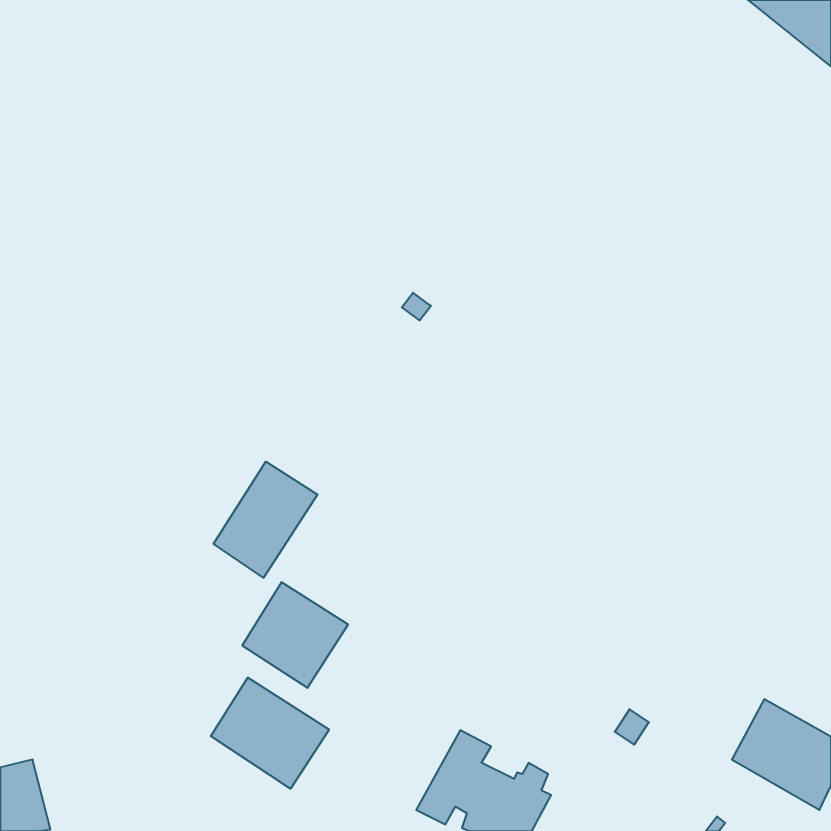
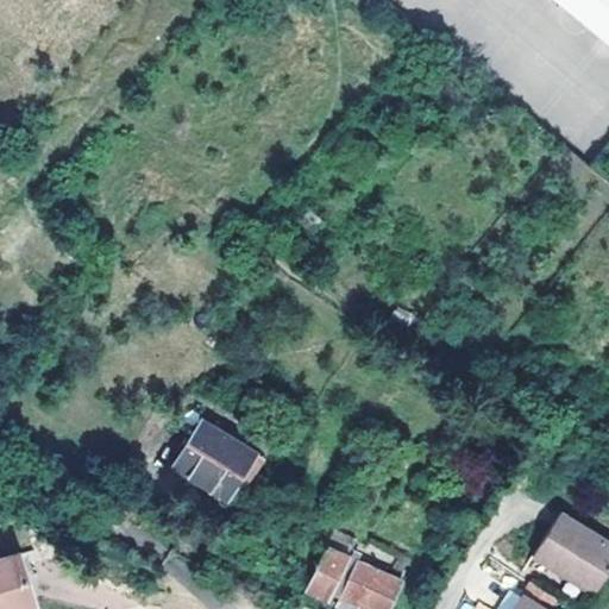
building: [214,462,317,578] -> none
building: [211,677,329,789] -> none

